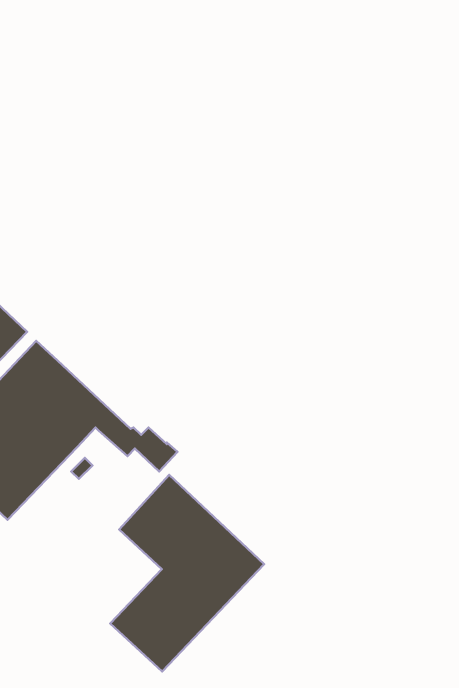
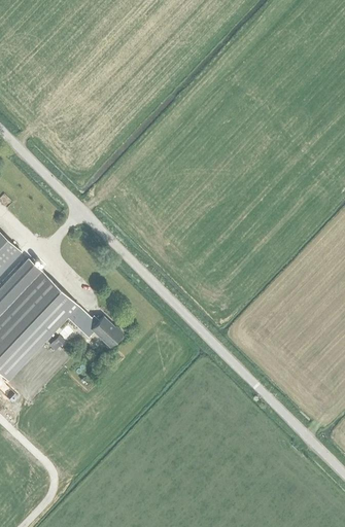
building: [110,475,264,671] -> none

